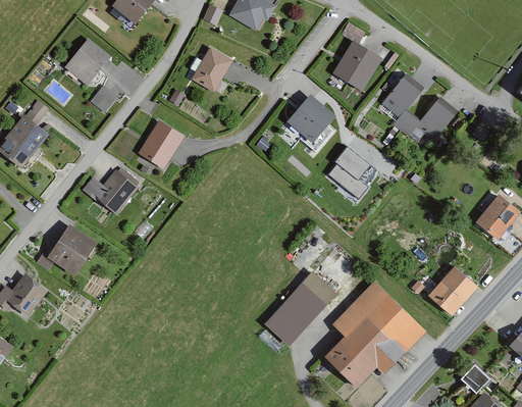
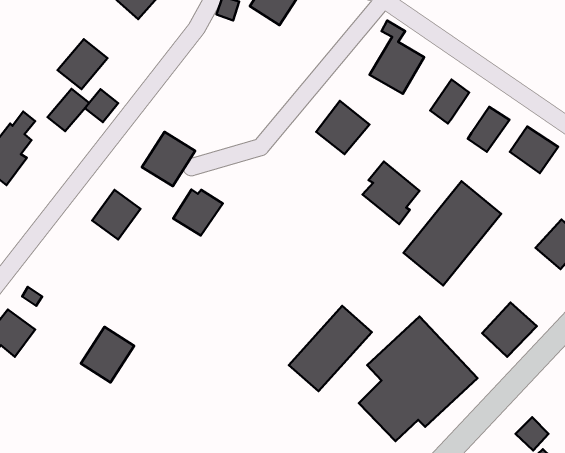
building: [192,48,230,91] -> none
building: none -> [48,89,89,131]
building: [393,109,421,137] -> none
building: none -> [510,127,558,173]
building: none -> [404,181,501,286]
building: none -> [173,190,223,236]
building: [49,224,95,272] -> [81,327,134,382]

